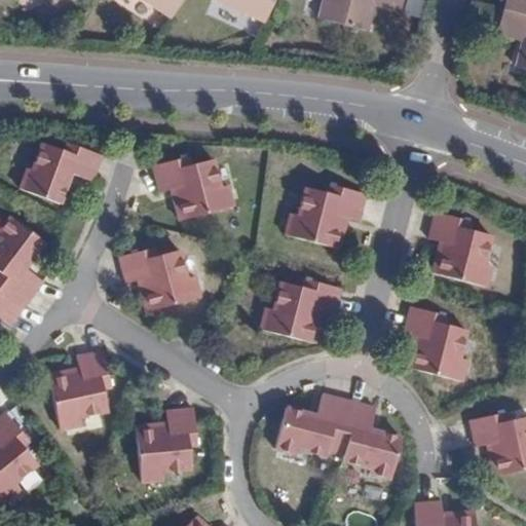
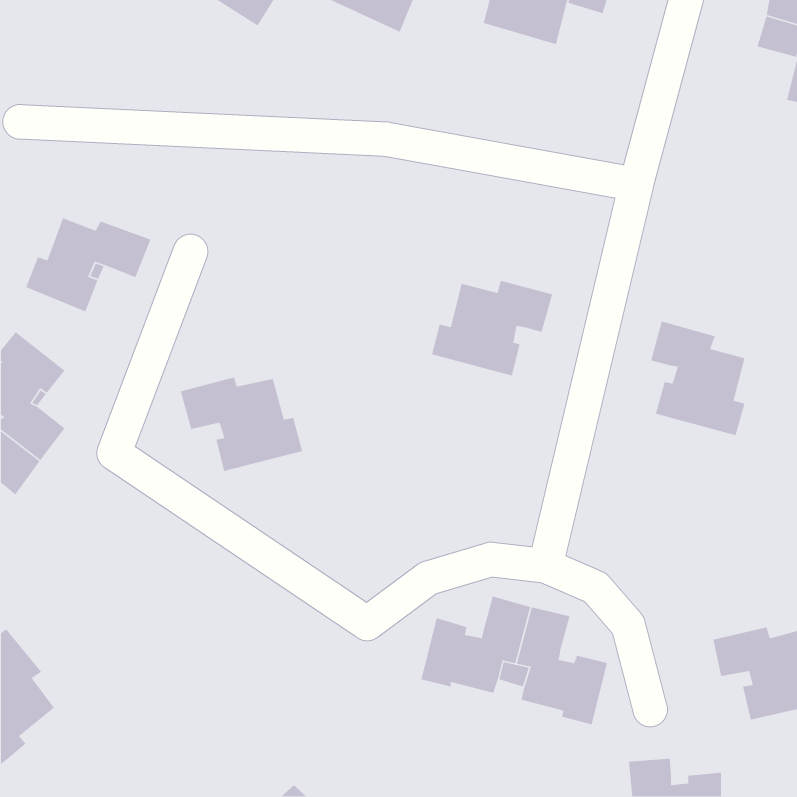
building: [152,157,232,220] -> none
building: [260,277,340,341] -> none
building: [403,304,466,379] -> none
building: [48,351,110,430] -> none
building: [135,407,197,482] -> none

